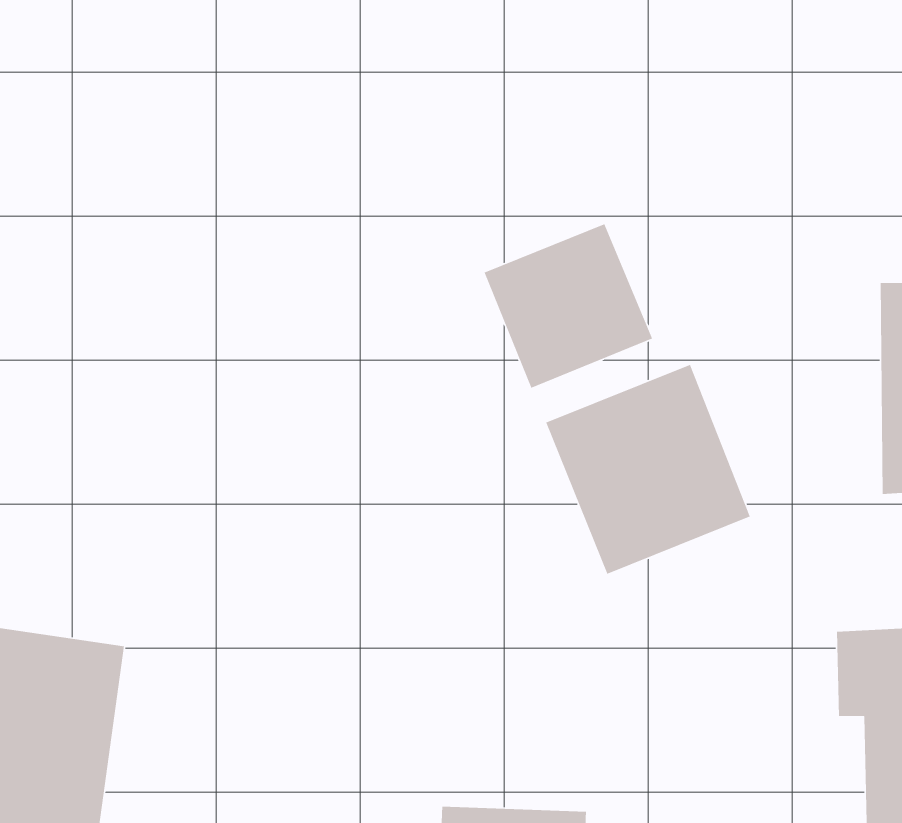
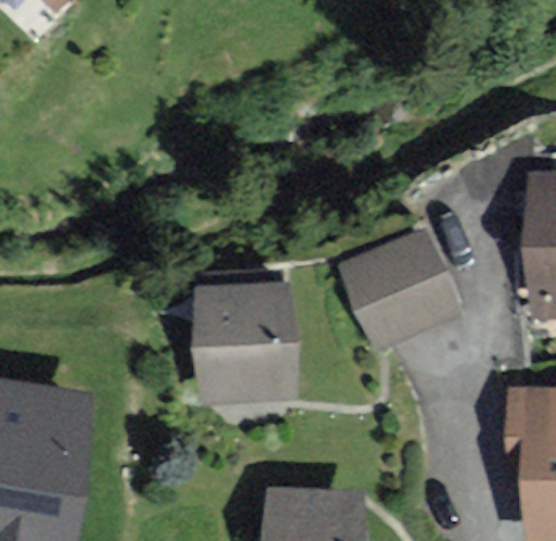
building: [483,223,653,389] -> none
building: none -> [197,284,294,402]

